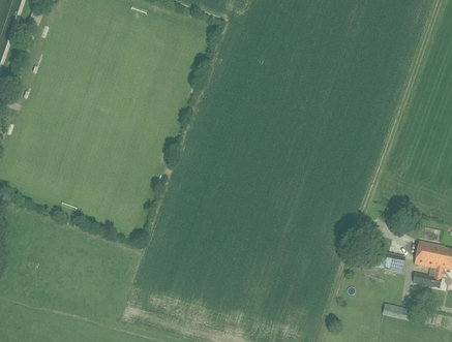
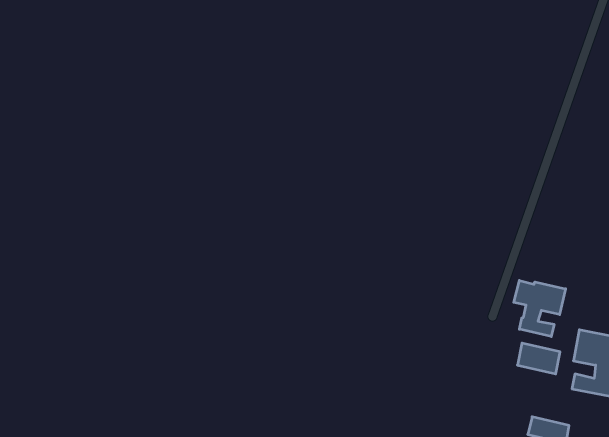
building: none -> [514,280,566,337]

